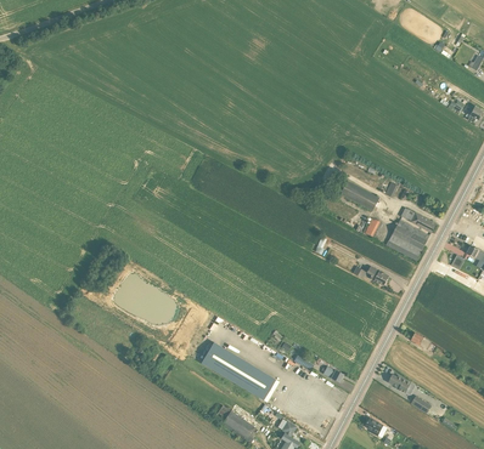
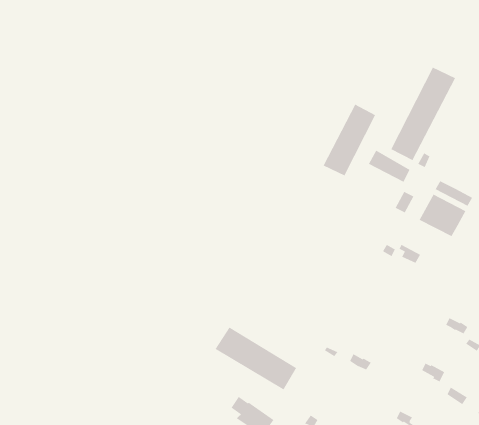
building: none -> [390,67,456,161]
building: none -> [323,104,376,176]

